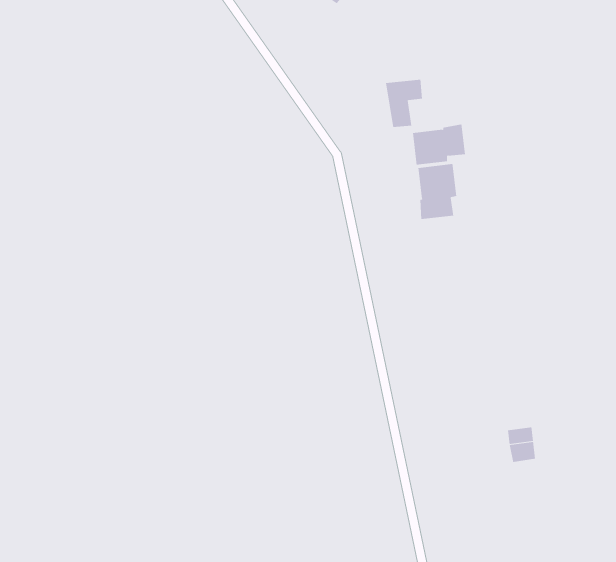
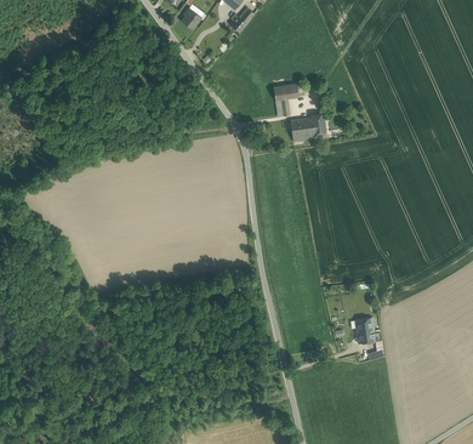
building: [418,163,457,220] -> none

